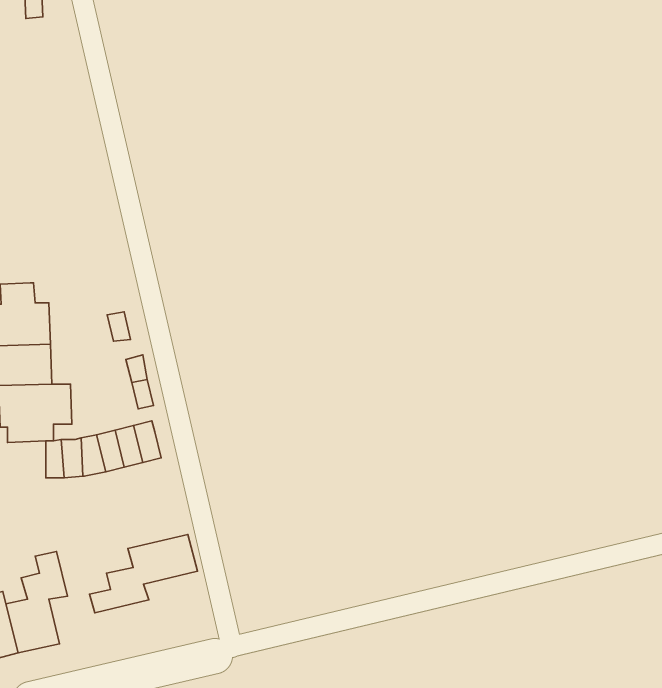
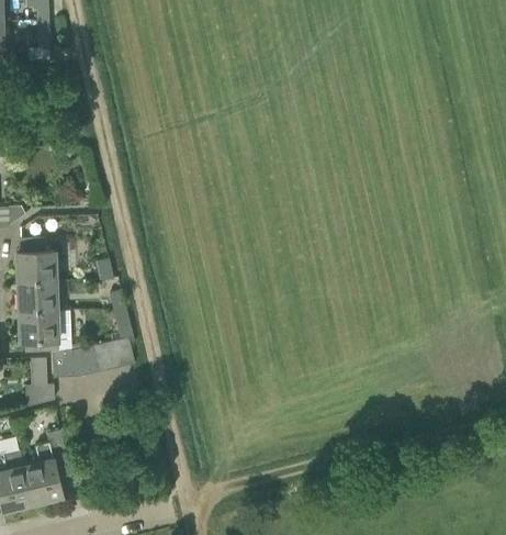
building: none -> [25,358,54,408]
building: [90,535,198,613] -> none

